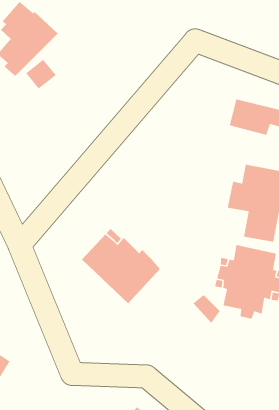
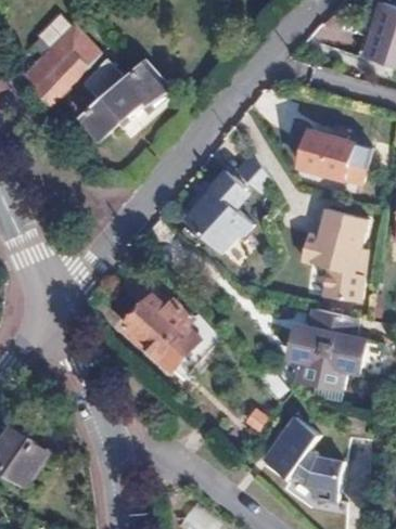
building: none -> [84,60,170,140]
building: none -> [179,170,257,262]
building: none -> [263,415,344,500]

